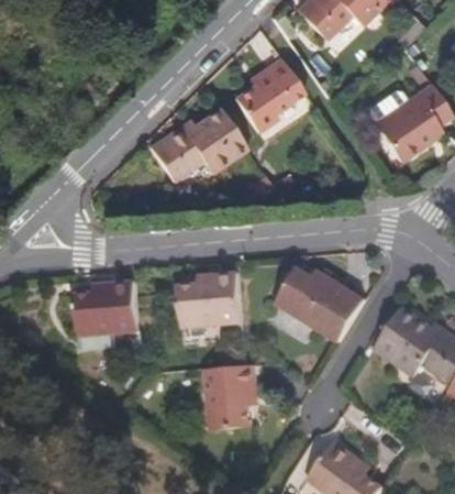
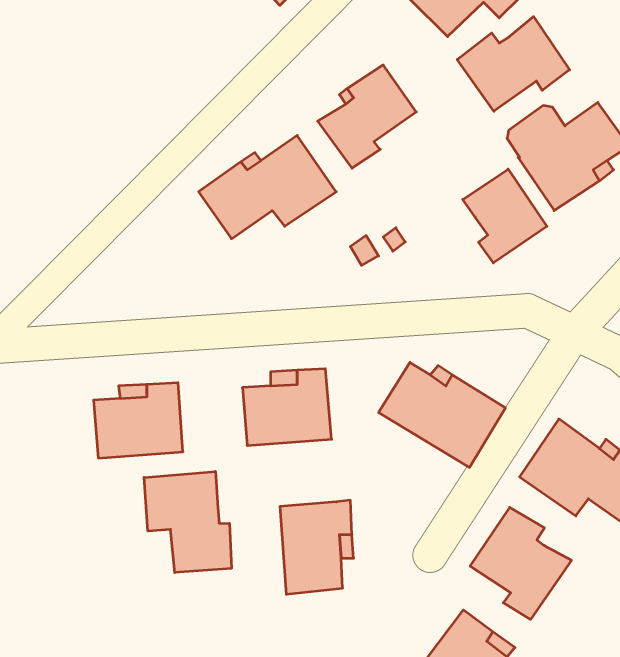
building: none -> [457,17,570,111]
building: none -> [463,169,547,263]
building: none -> [144,471,231,573]
building: none -> [470,507,571,619]

